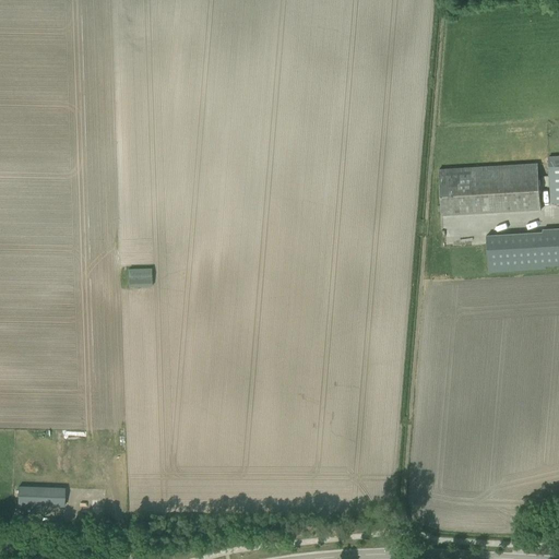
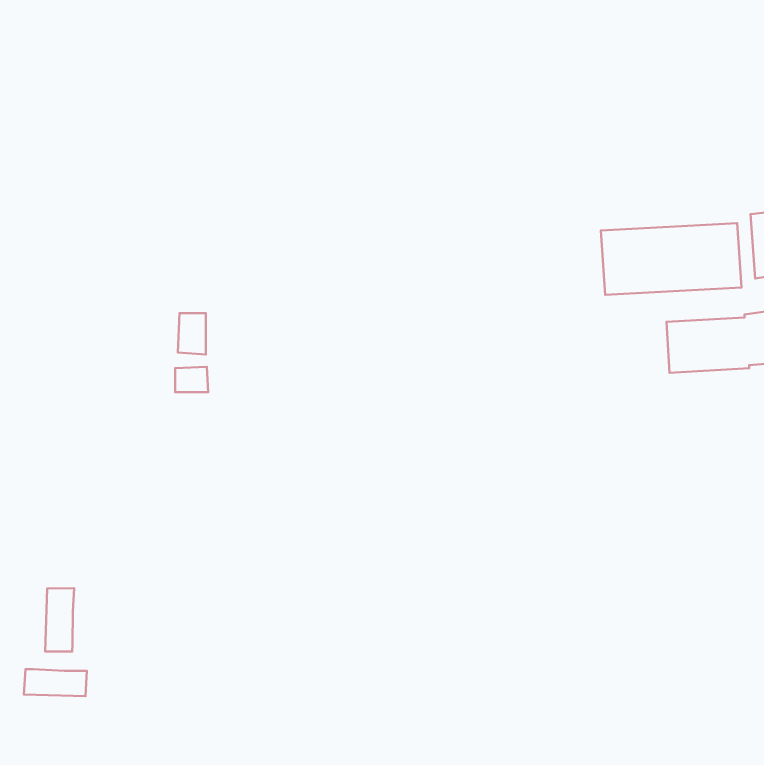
building: none -> [178,313,206,354]
building: none -> [45,588,74,651]

